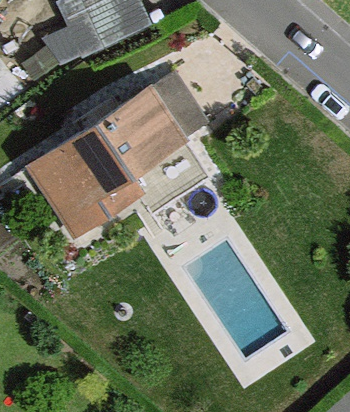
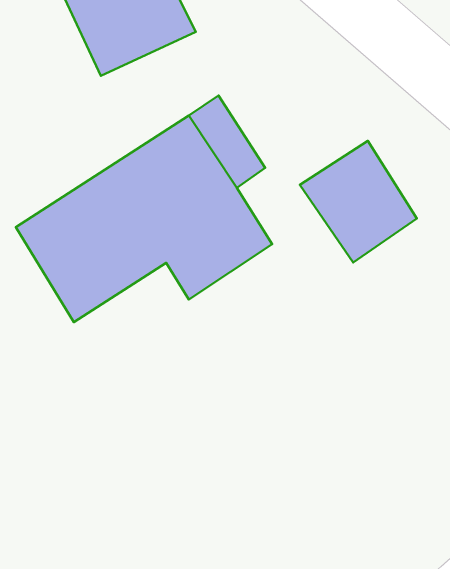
building: none -> [300,141,417,262]

